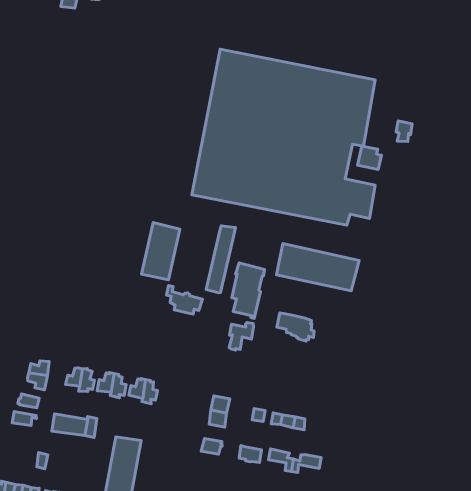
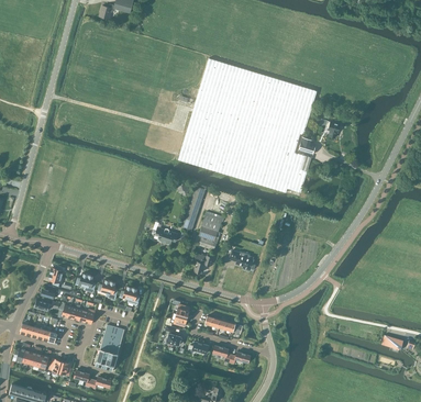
building: [141,222,180,280] -> none
building: [277,243,359,291] -> none

